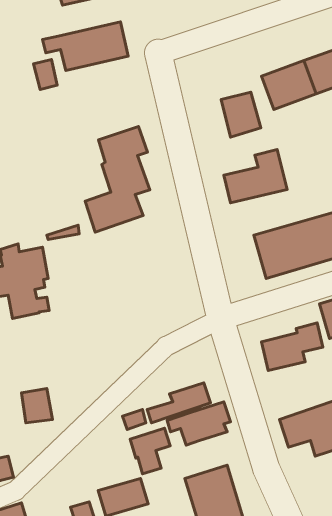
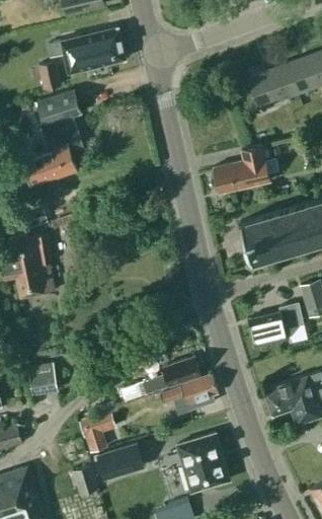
building: [221,92,261,137] -> none
building: [85,127,150,232] -> [25,90,84,187]
building: [130,428,170,474] -> [79,411,115,452]

